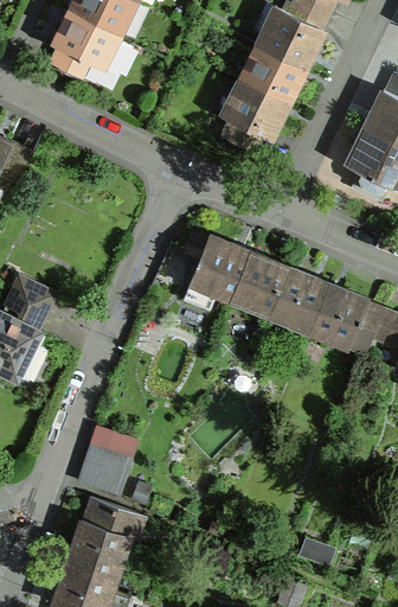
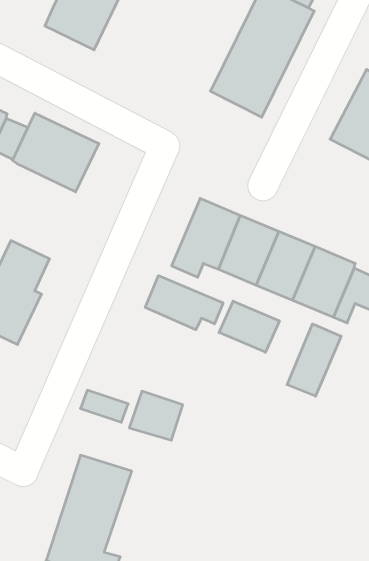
building: none -> [13,113,99,192]
building: none -> [145,276,223,330]
building: none -> [219,301,279,352]
building: none -> [287,324,341,396]
building: [72,447,128,498] -> [129,391,183,440]

